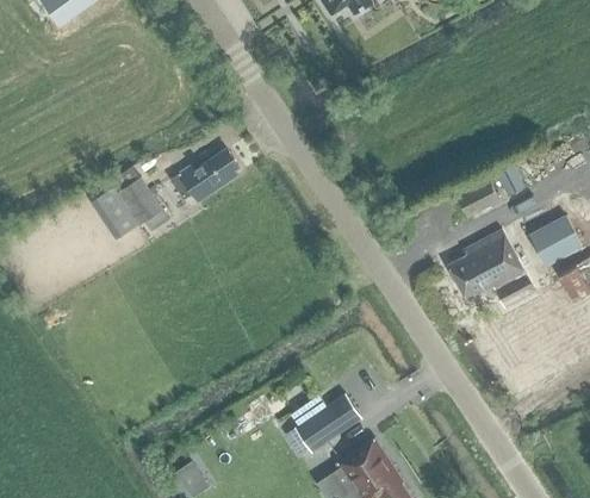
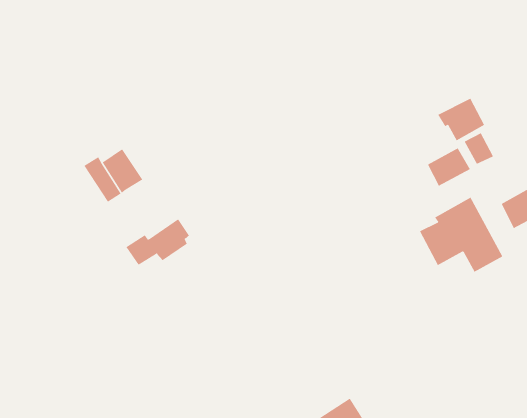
building: none -> [437,98,485,141]
building: [170,149,237,198] -> [126,218,190,265]
building: [288,381,362,452] -> none

